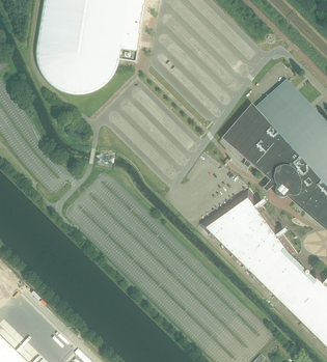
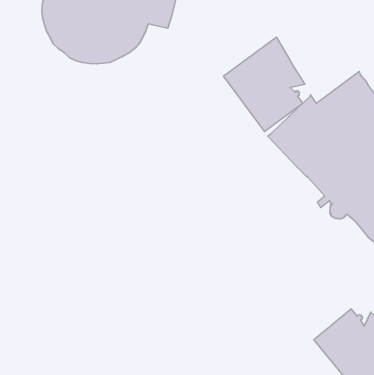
building: none -> [224,37,305,132]
building: [198,186,298,293] -> none

